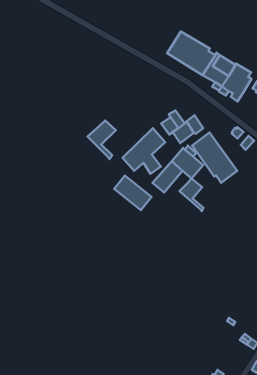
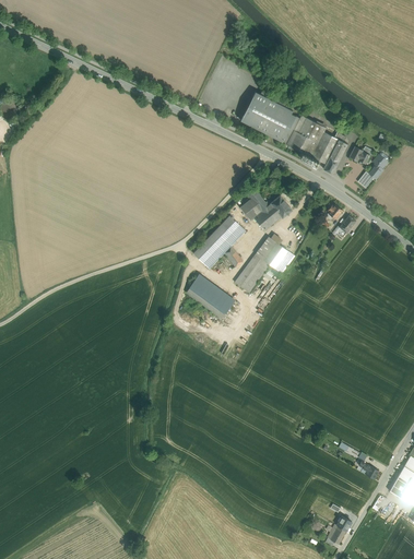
building: [87,120,116,159] -> none
building: [192,132,237,183] -> none
building: [179,179,203,211] -> none

